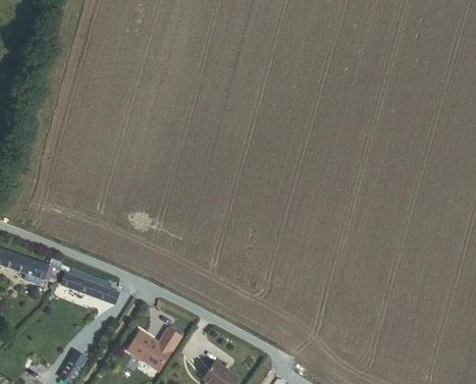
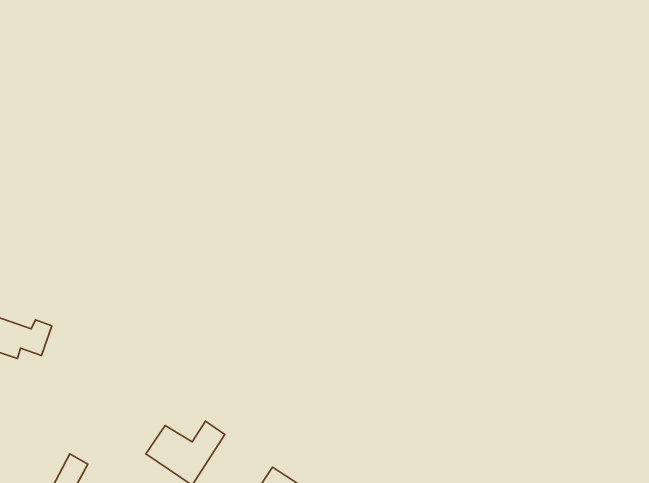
building: [61,271,120,305] -> none

